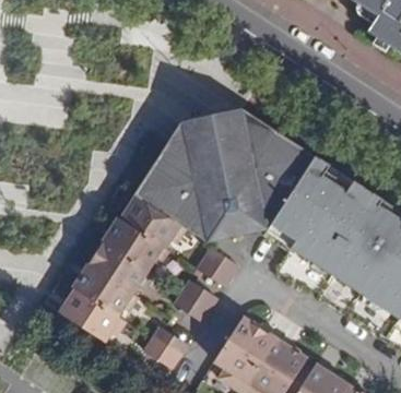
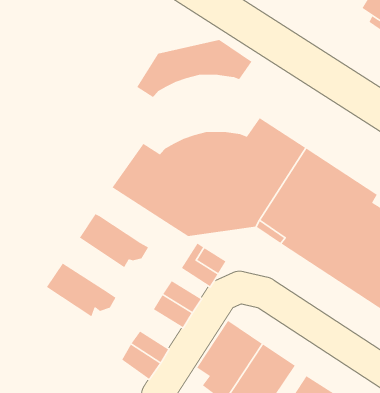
building: [162,106,270,160] -> [136,39,252,98]
building: [121,195,182,243] -> none
building: [86,239,152,289] -> none
building: [58,285,121,337] -> none

